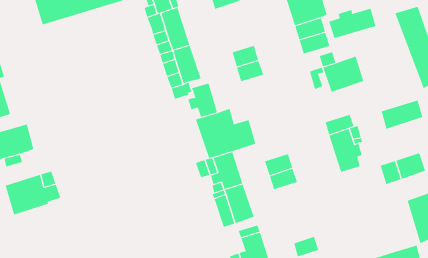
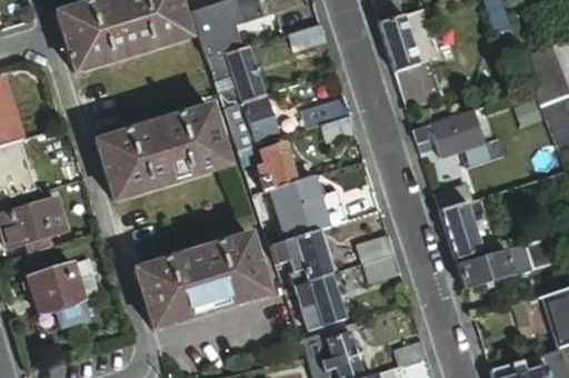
building: [329,8,376,39] -> none
building: none -> [96,103,230,199]
building: [381,100,423,129] -> [458,249,512,287]
building: none -> [134,232,269,327]

